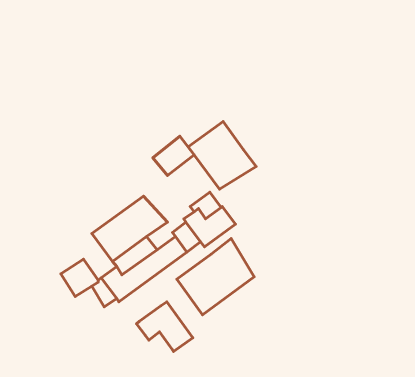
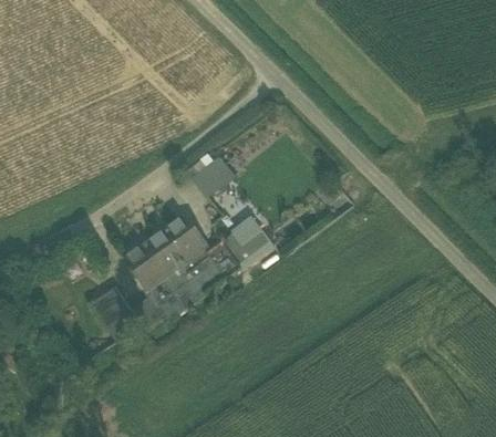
building: [188,122,256,189] -> none
building: [177,239,254,315] -> none
building: [136,302,193,351] -> none

